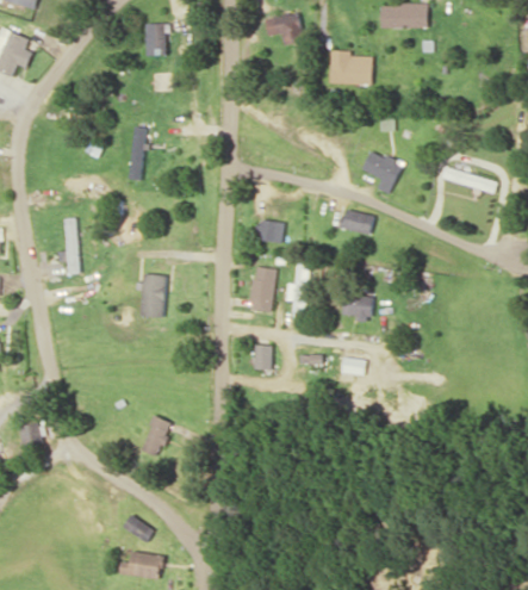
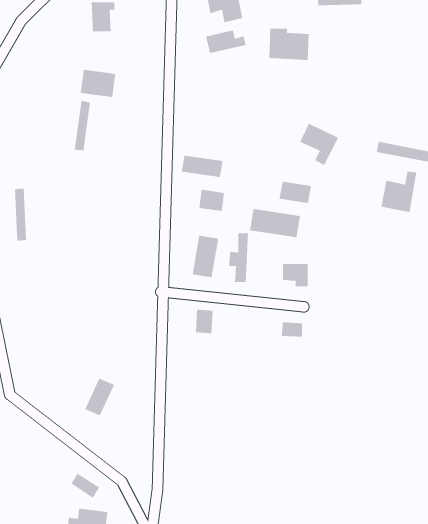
building: none -> [205,29,247,54]
building: none -> [80,69,116,98]
building: none -> [181,155,223,178]
building: none -> [380,171,417,213]
building: none -> [249,208,301,238]
building: [138,274,164,318] -> none

